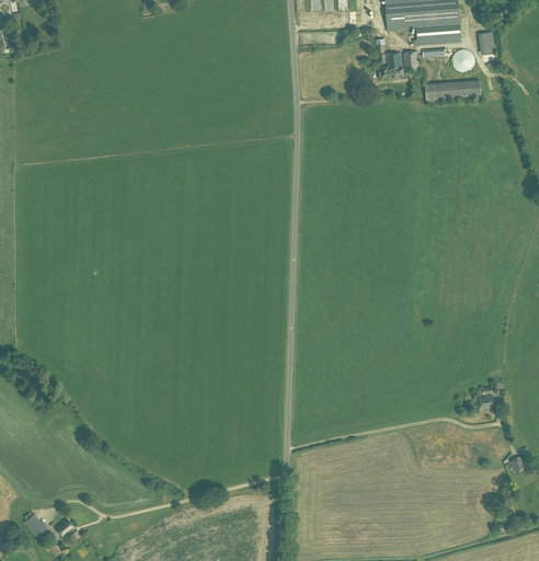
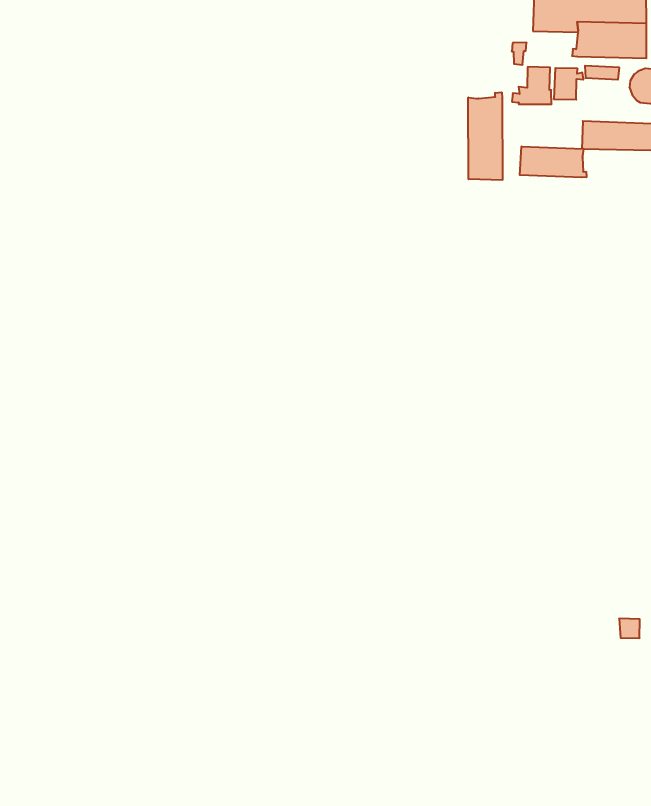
building: none -> [468,92,502,180]
building: none -> [520,146,586,177]

